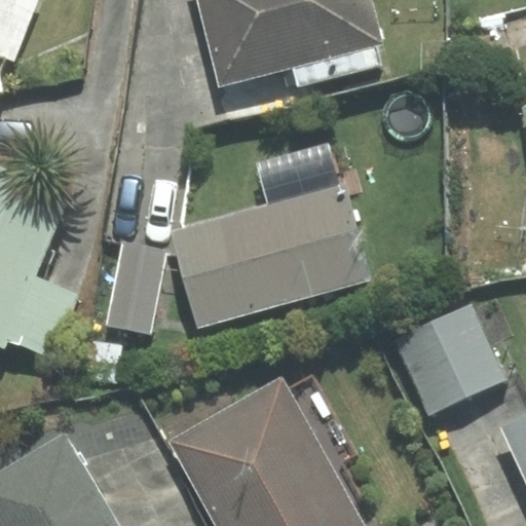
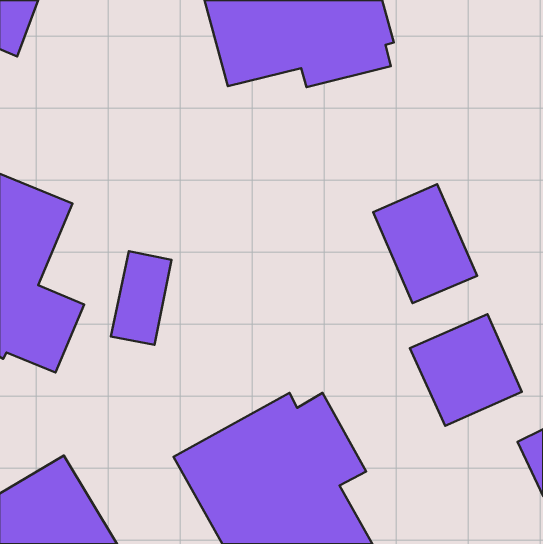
building: none -> [373,184,477,303]
building: [174,187,369,325] -> none

